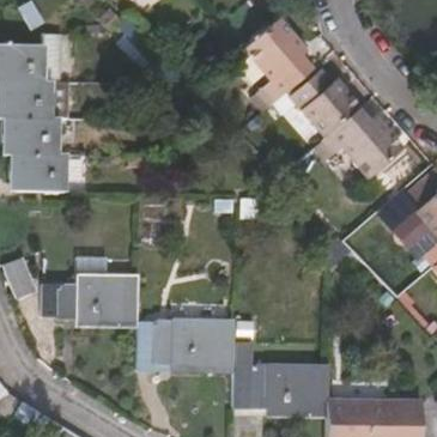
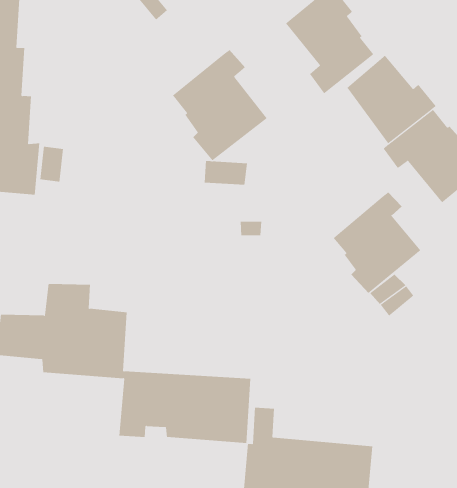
building: none -> [172,49,268,161]
building: none -> [333,191,421,294]

